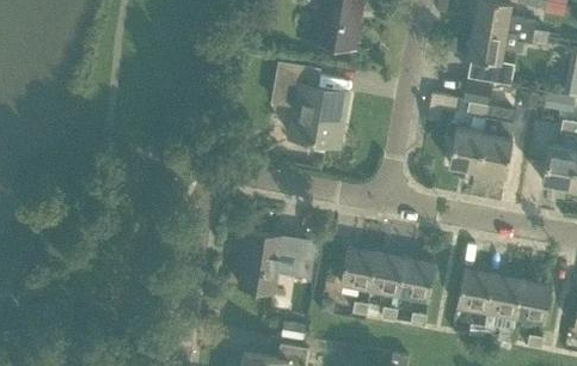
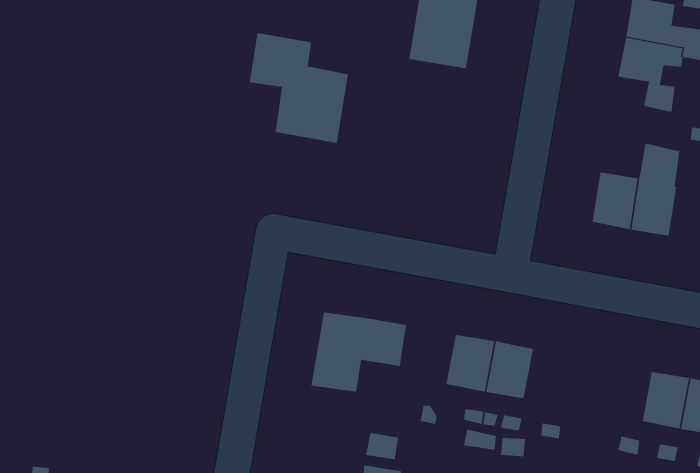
building: [274,63,348,146] -> [249,32,349,143]
building: [464,83,490,120] -> none
building: [399,260,436,303] -> none
building: [458,270,493,313] -> none

